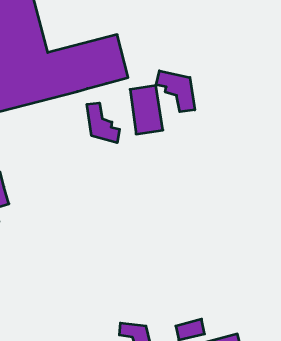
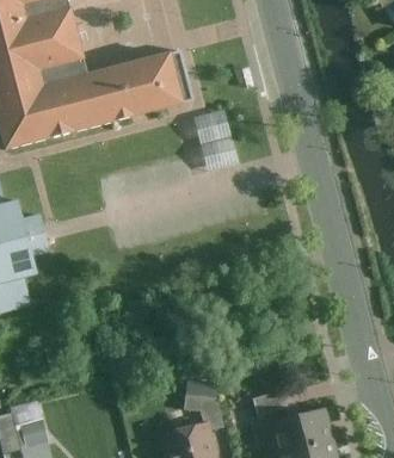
building: [156,71,195,112] -> none
building: [87,103,120,143] -> none

